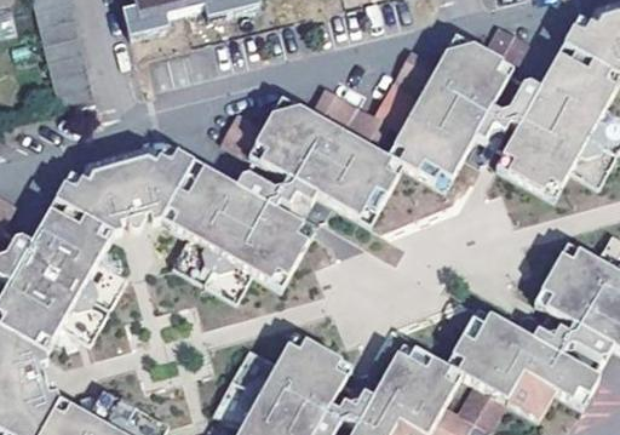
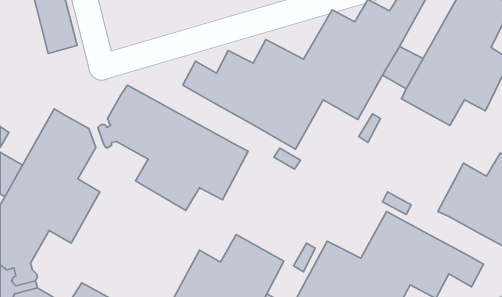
building: [81,153,151,223] -> none
building: [251,170,308,221] -> none
building: [536,308,592,356] -> none

